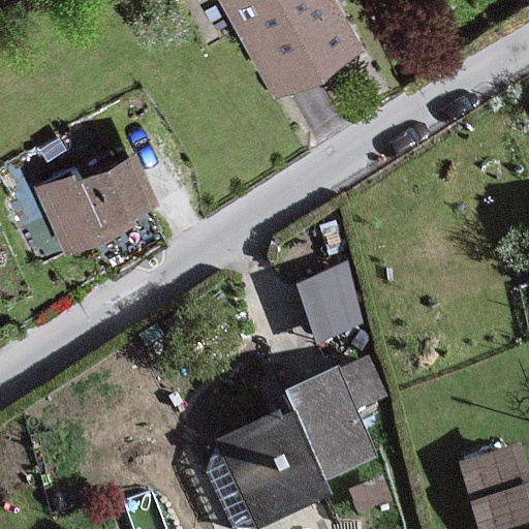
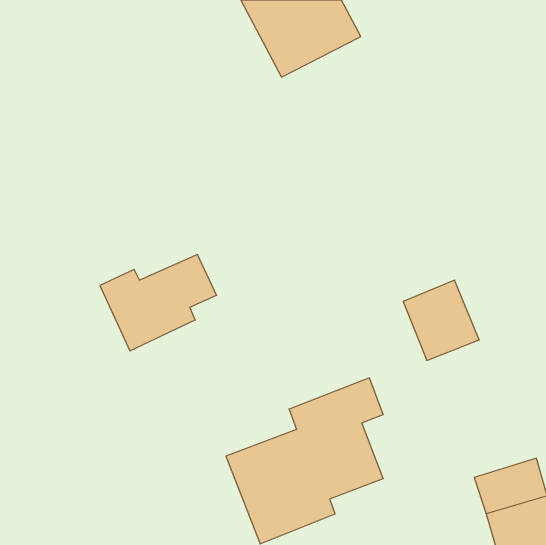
building: [35,154,148,247] -> [100,255,217,351]
building: [294,266,368,343] -> [403,280,479,360]

